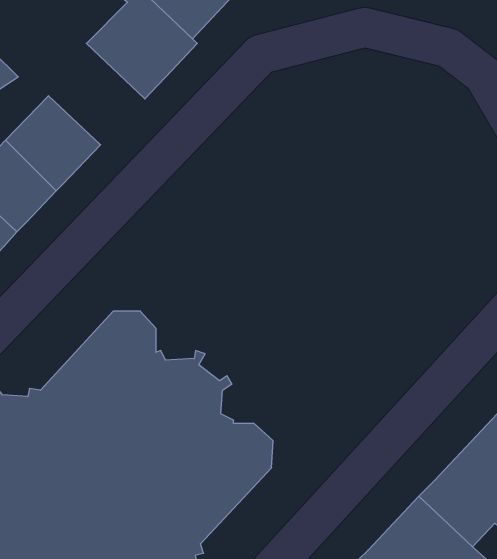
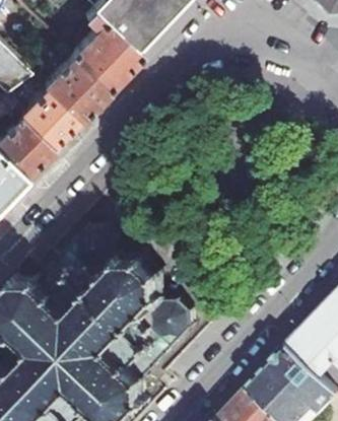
building: none -> [46,53,111,118]

